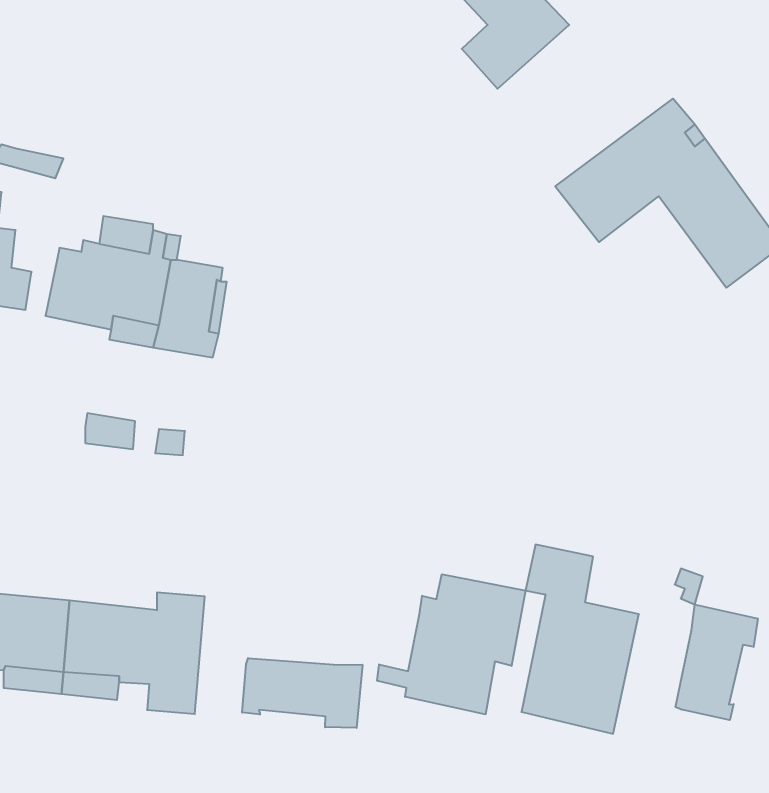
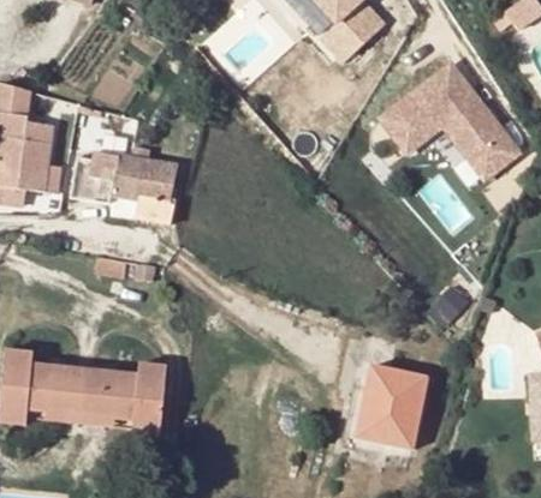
building: [377,574,525,714] -> none
building: [675,604,758,720] -> none
building: [242,658,362,728] -> none

